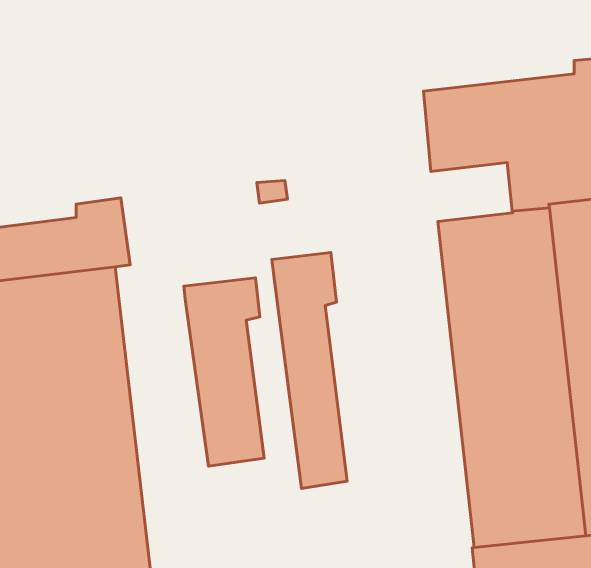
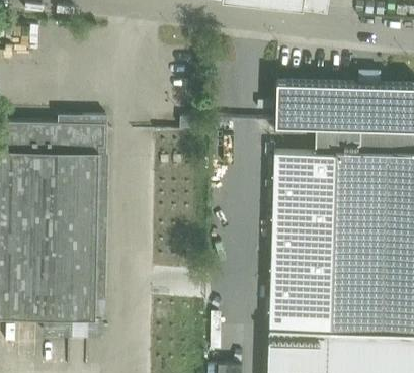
building: [272,253,347,489] -> none
building: [184,278,264,466] -> none

